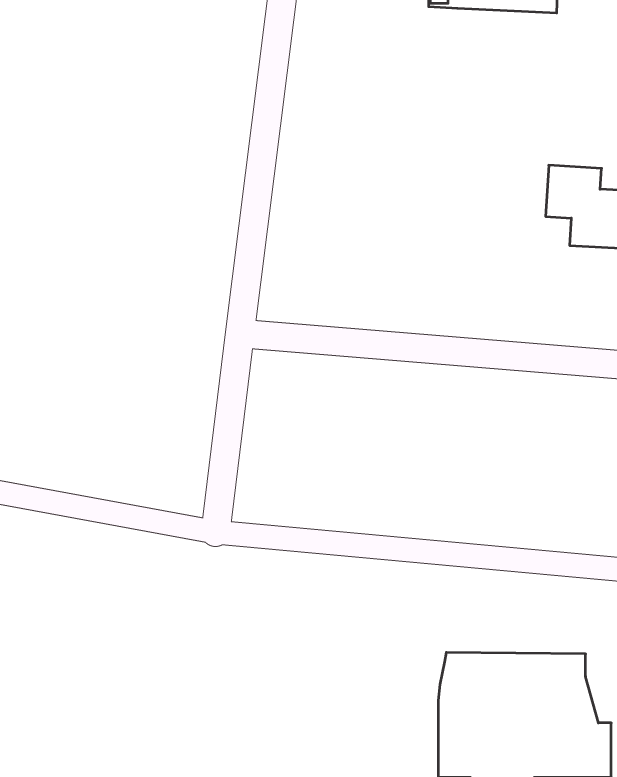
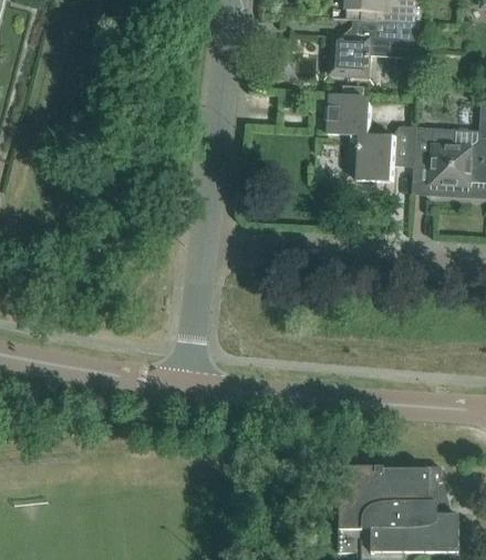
building: none -> [328,20,420,75]
building: none -> [327,92,414,182]

